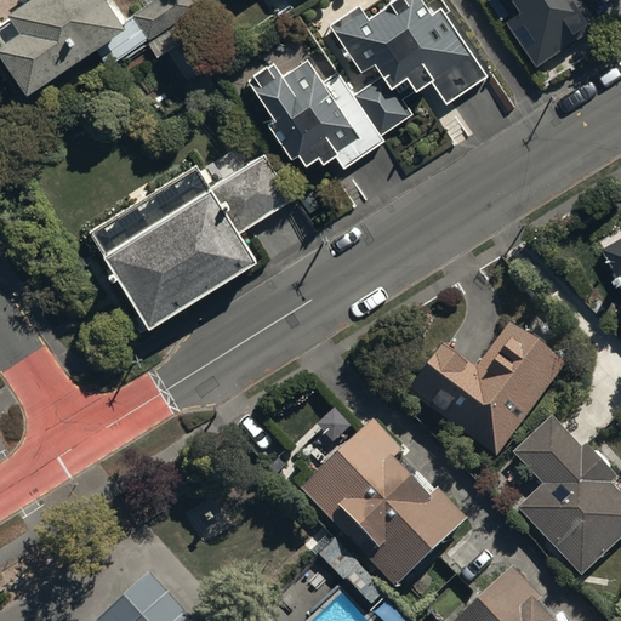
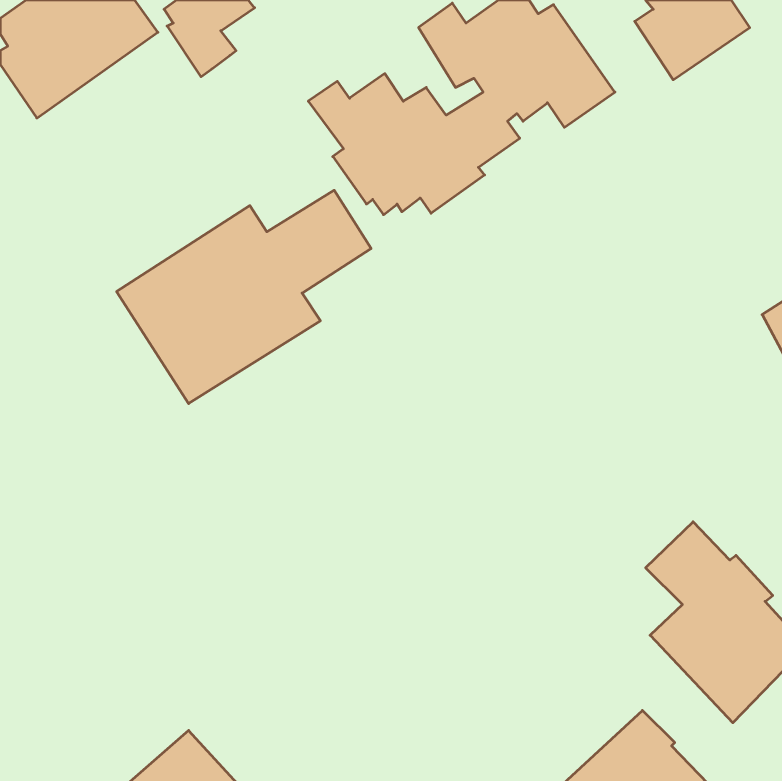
building: [405,320,564,452] -> none
building: [301,417,463,582] -> none

